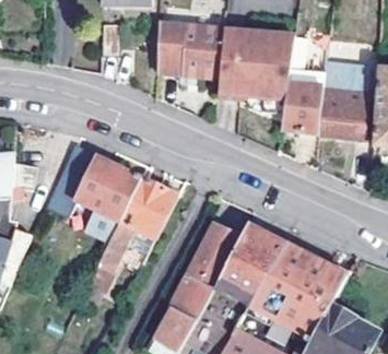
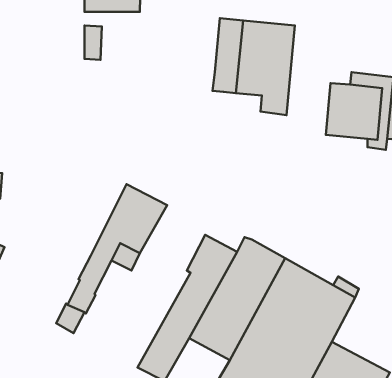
building: [158,21,225,76] -> none
building: [282,35,325,132] -> none
building: [48,143,142,239] -> none

